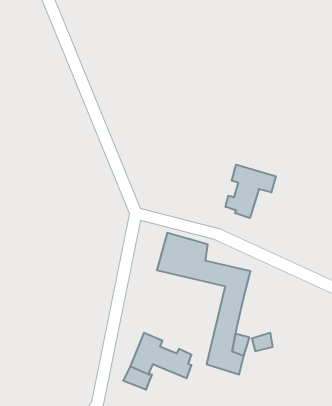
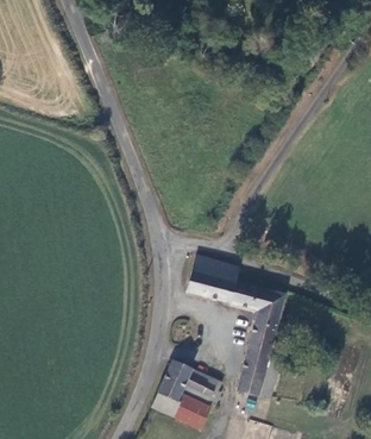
building: [226,165,276,218] -> none
building: none -> [176,395,210,428]

